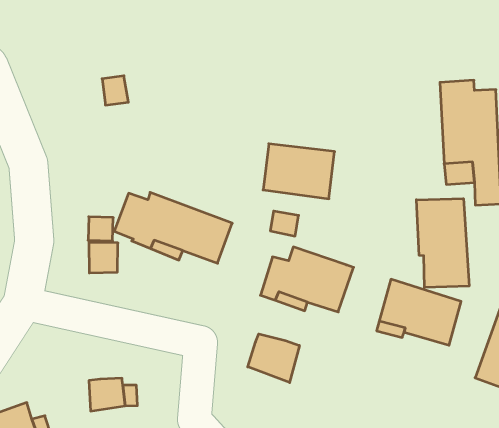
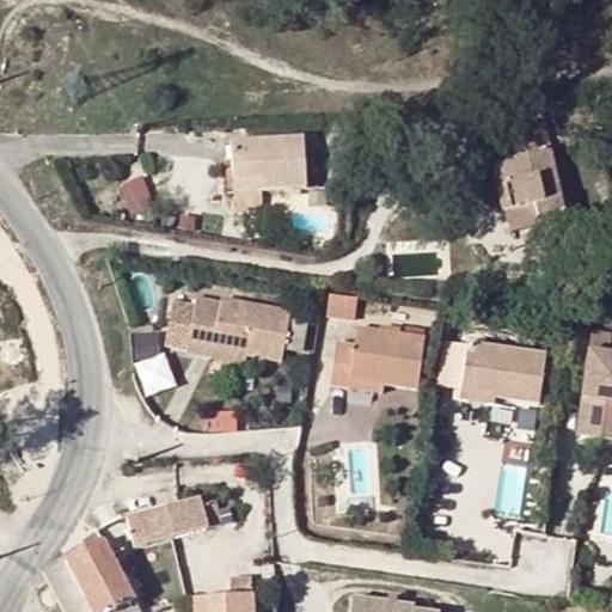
building: [263,144,335,199] -> [231,136,305,190]
building: [416,199,469,287] -> none
building: [248,334,299,383] -> none
building: none -> [128,504,171,545]

